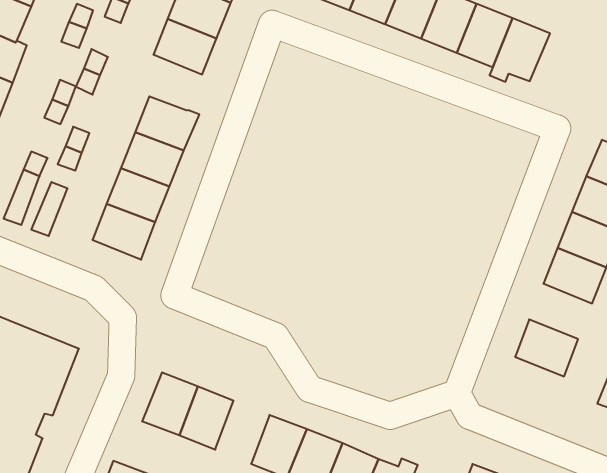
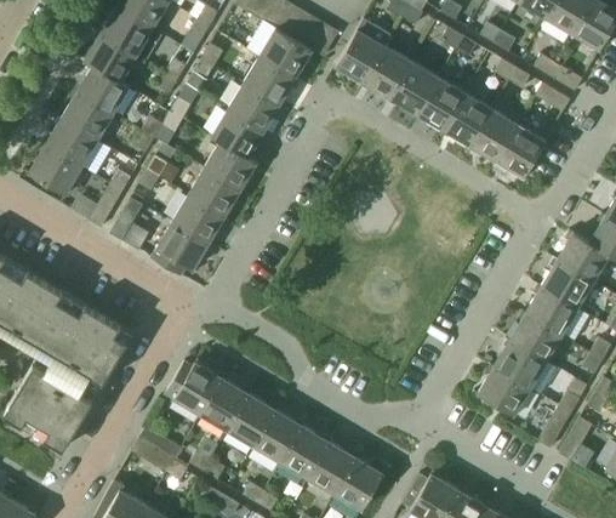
building: none -> [211,109,264,158]
building: none -> [494,340,546,388]
building: none -> [228,394,275,446]

